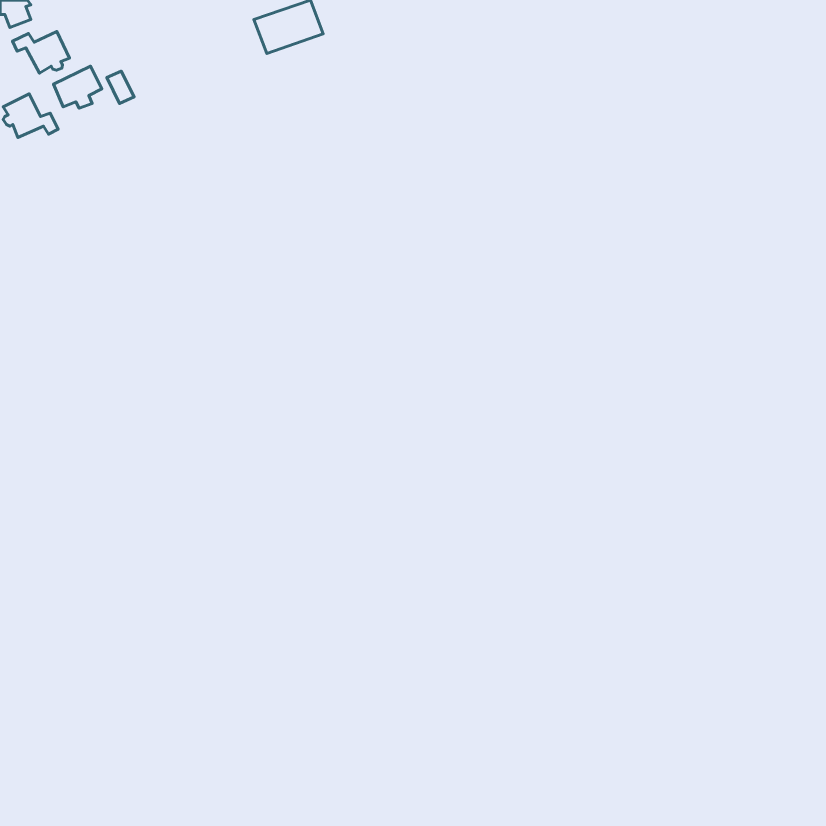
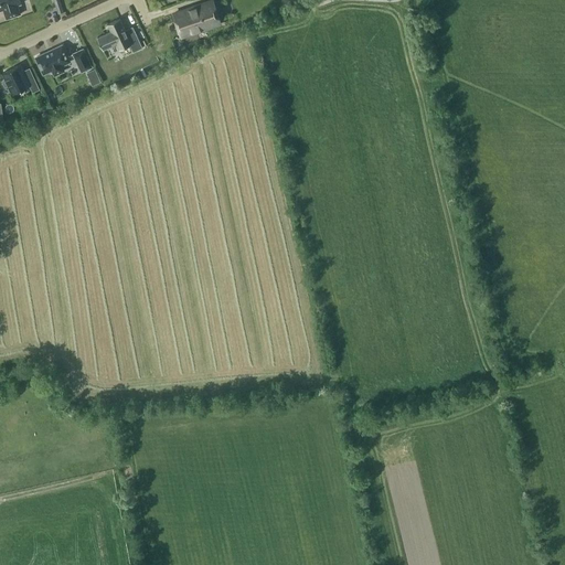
building: none -> [97,18,142,52]
building: [12,31,70,73] -> none

